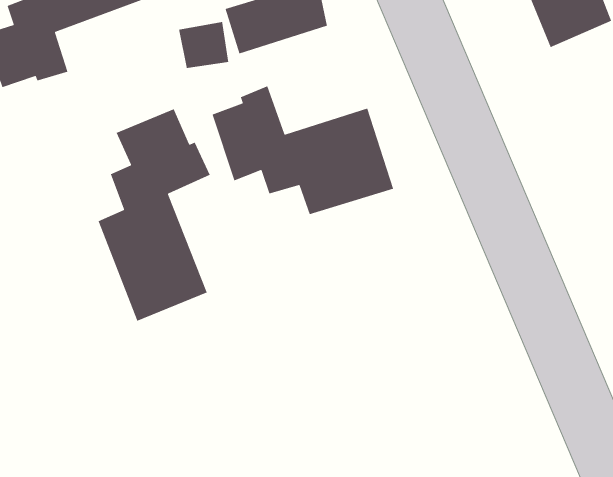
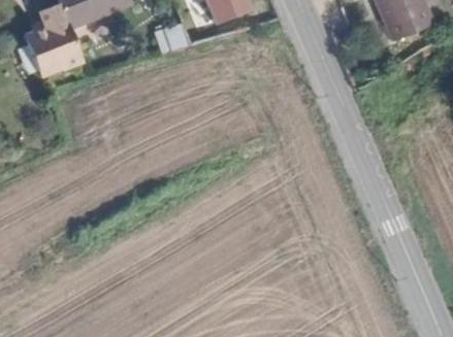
building: [212,85,394,215] -> none
building: [98,108,211,322] -> none

